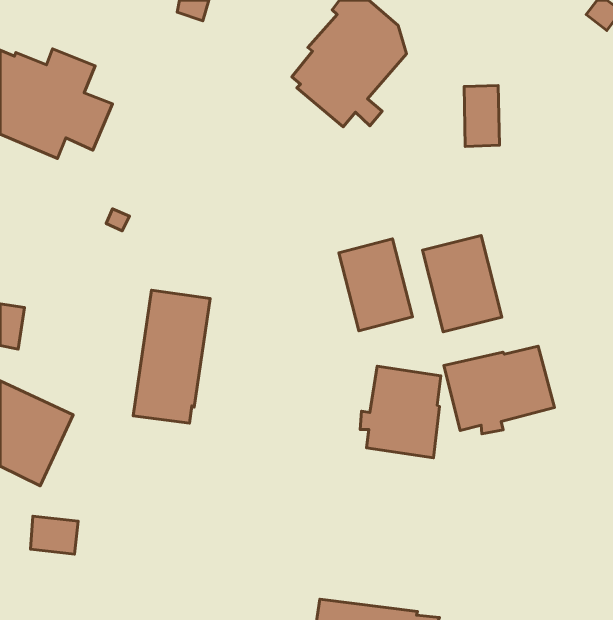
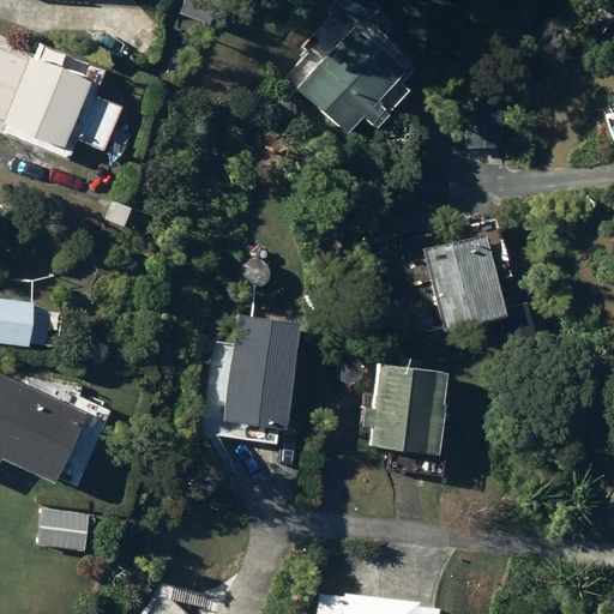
building: [339,239,412,331] -> none
building: [133,290,210,423] -> [222,313,297,444]
building: [444,346,554,434] -> none

